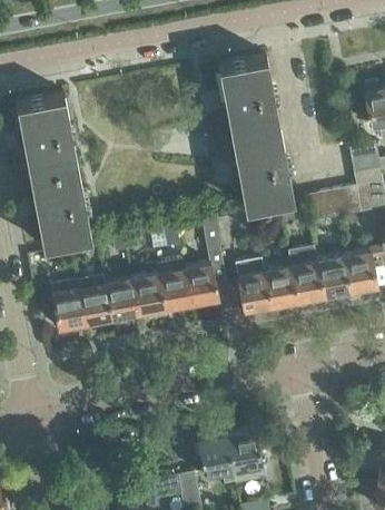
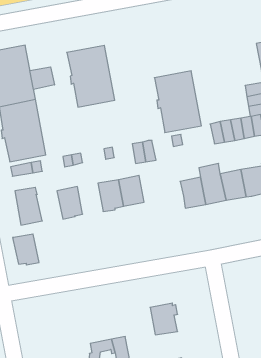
building: [217,57,279,137] -> [67,45,115,107]
building: none -> [30,67,54,89]
building: [236,258,272,312] -> none
building: [131,274,165,314] -> none
building: [78,284,112,324] -> [13,234,39,265]
building: [194,435,233,477] -> none

